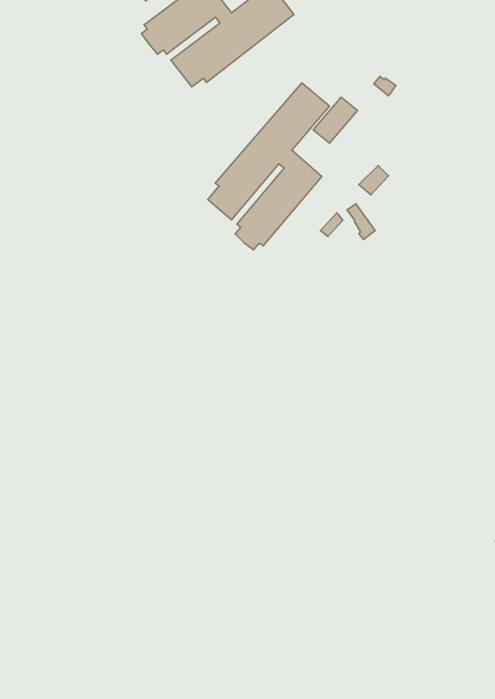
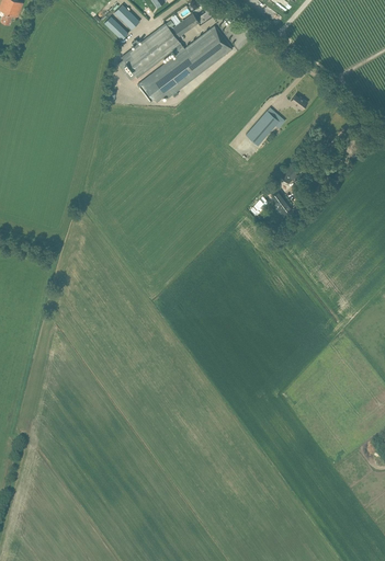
building: [208,83,329,250] -> none

